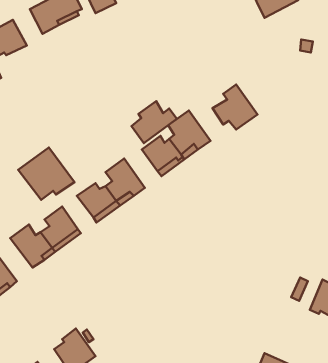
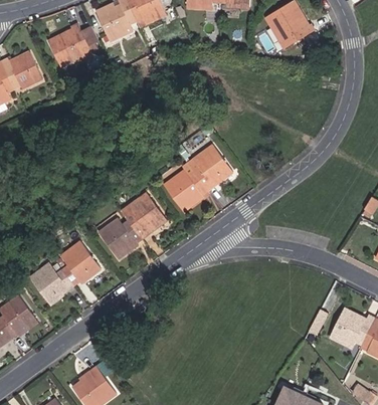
building: [212,85,257,130] -> none
building: [132,101,177,143] -> none
building: [18,147,74,200] -> none

